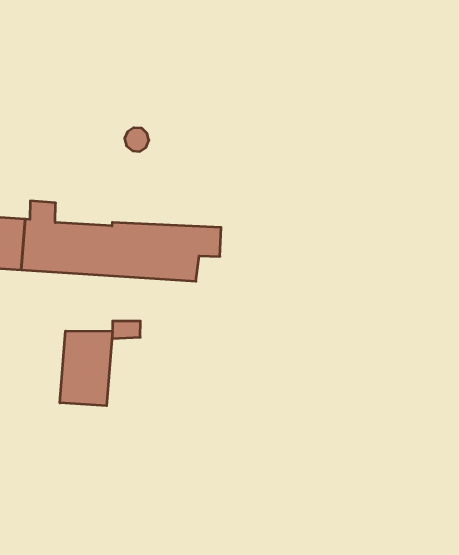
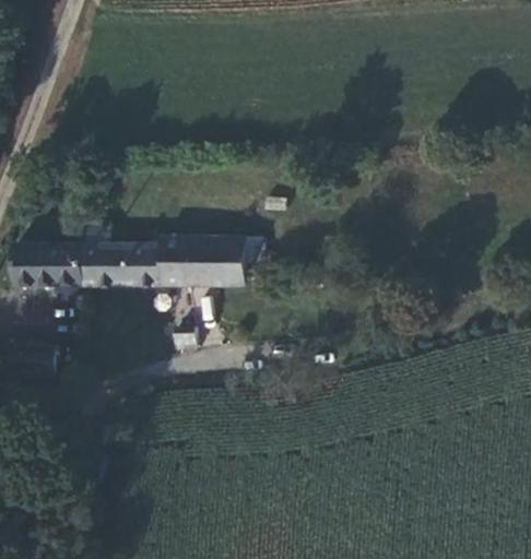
building: [60,331,112,406] -> none

